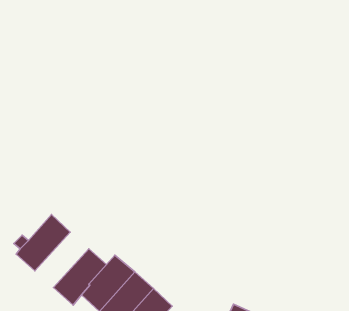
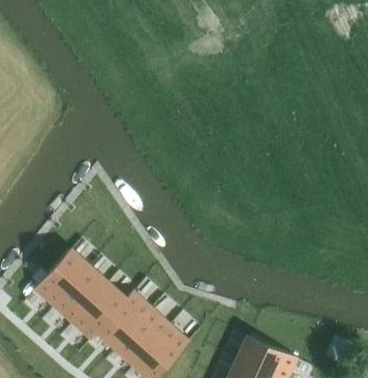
building: none -> [52,266,105,321]

